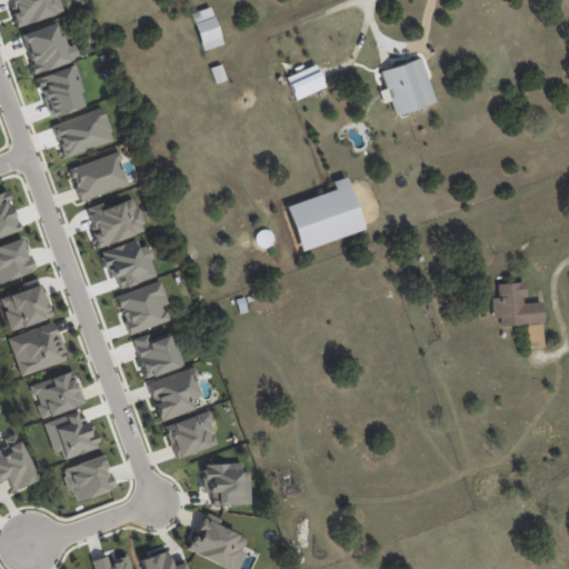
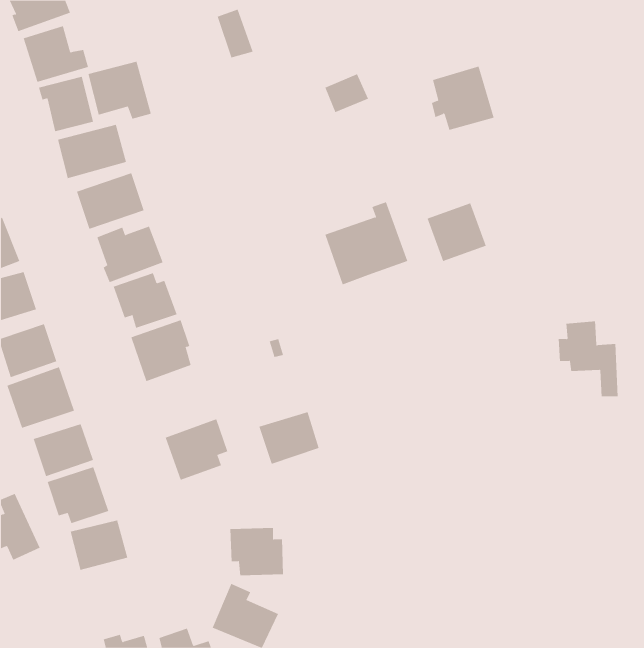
building: none -> [88,61,152,120]
building: none -> [427,202,486,262]
building: [133,333,183,378] -> none
building: [166,411,219,458] -> [259,411,319,465]

